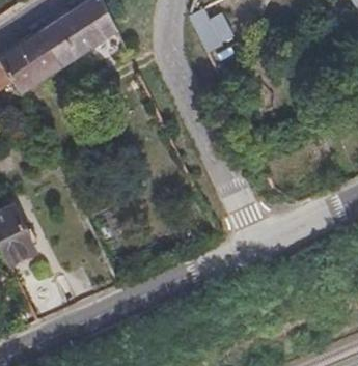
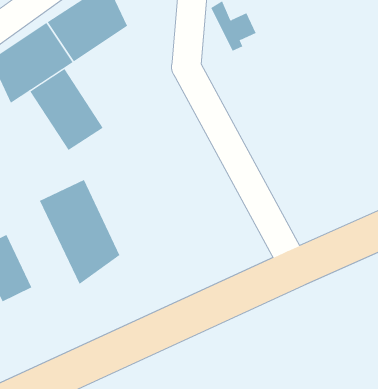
building: none -> [29,68,104,151]
building: none -> [39,179,120,285]

